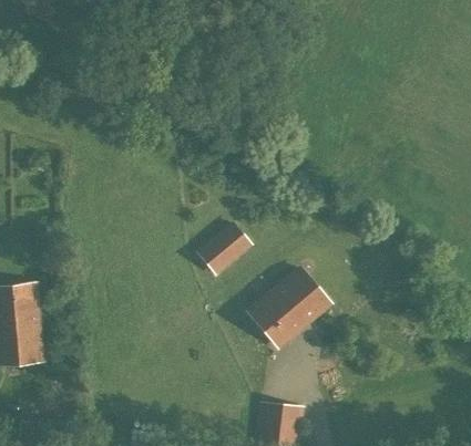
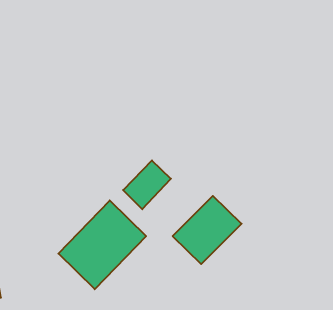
building: none -> [58,200,146,289]

